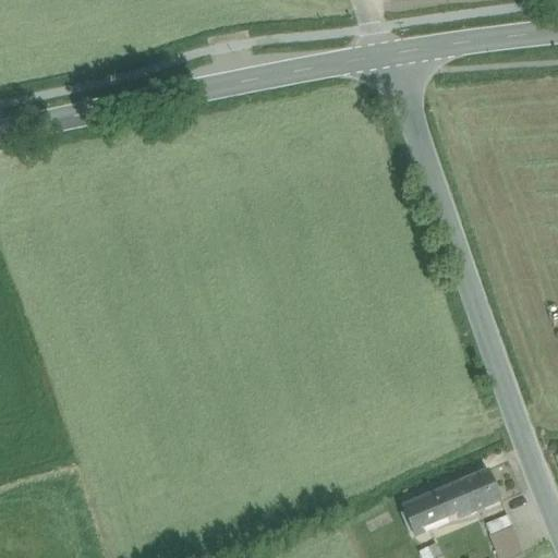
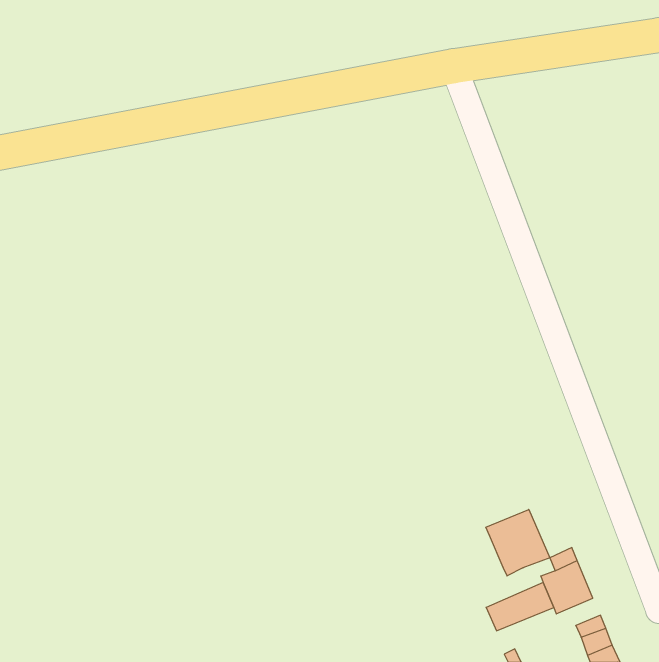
building: none -> [486,509,550,576]

